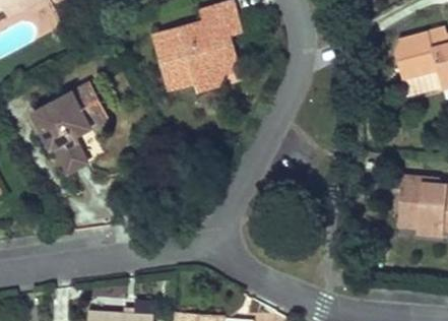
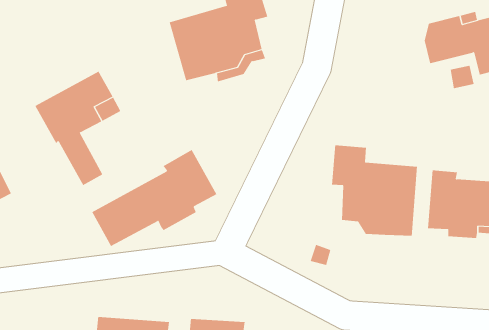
building: none -> [332,145,417,236]
building: none -> [91,149,217,247]

